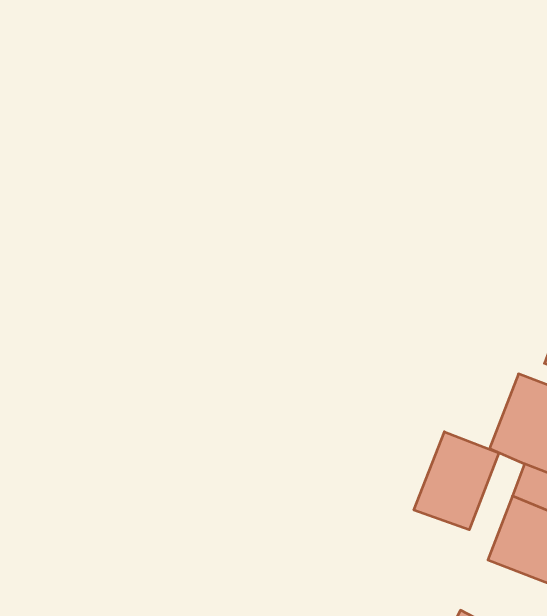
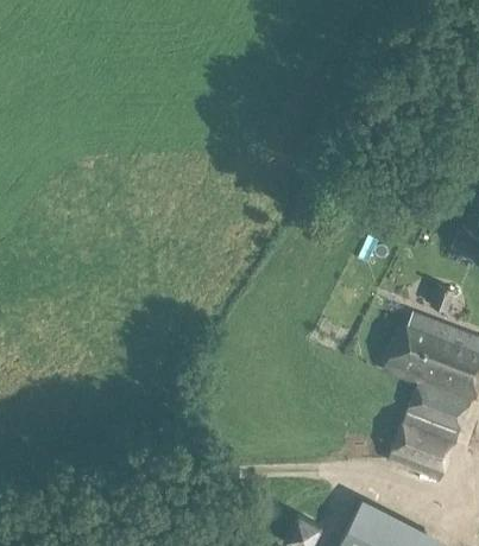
building: [414,432,499,530] -> none

